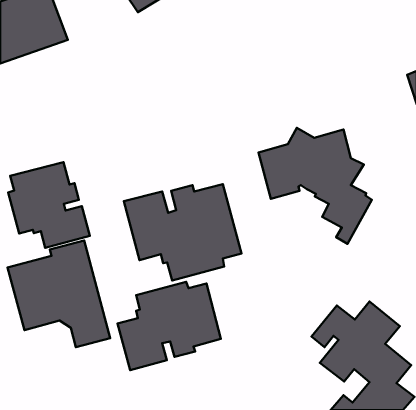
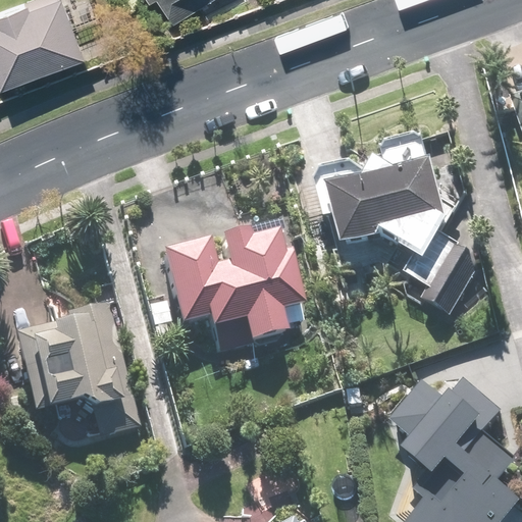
building: [8,162,90,248] -> none
building: [118,282,221,370] -> none

